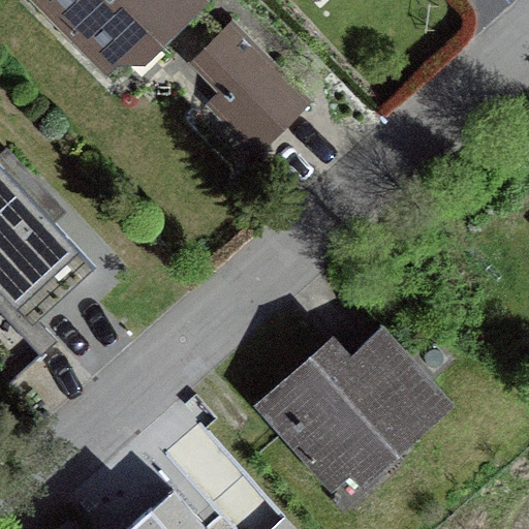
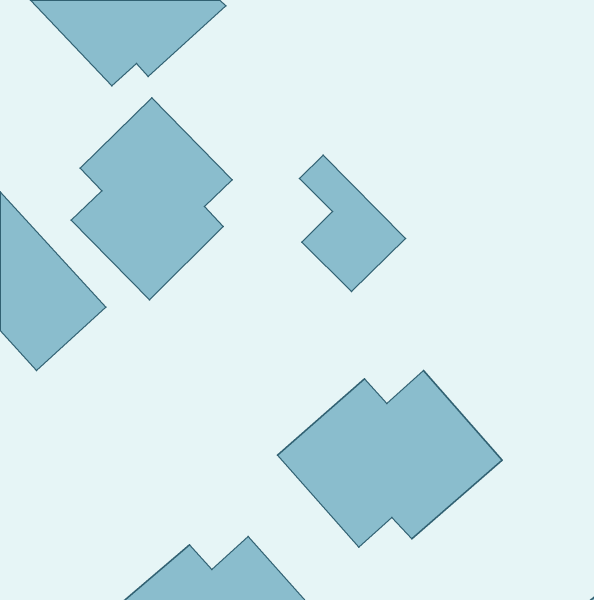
building: [215,32,308,152] -> [300,155,405,292]
building: none -> [71,98,232,300]

